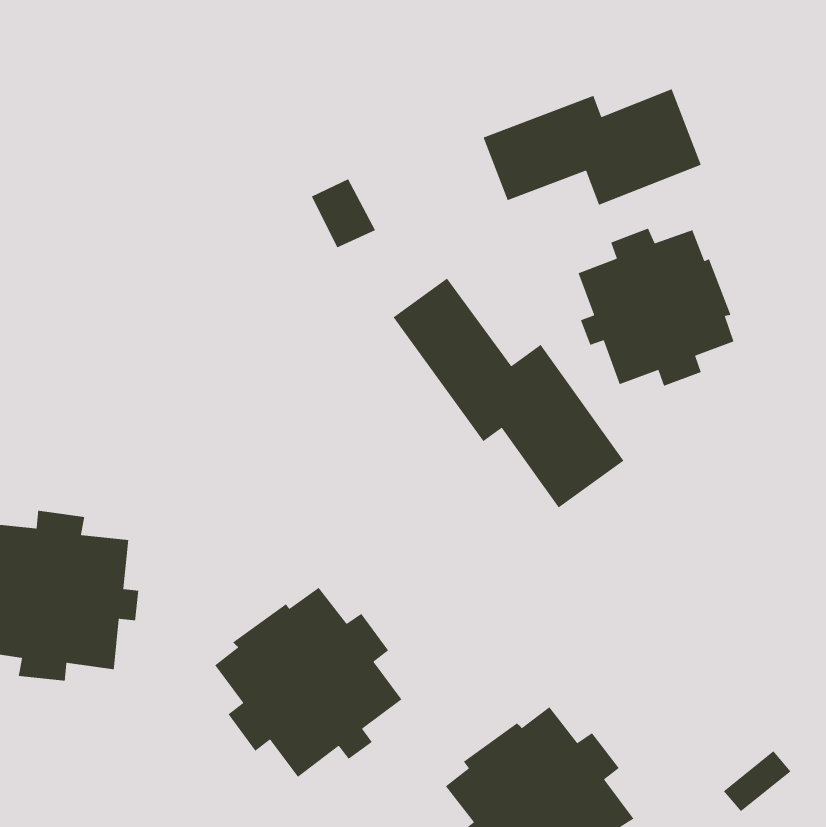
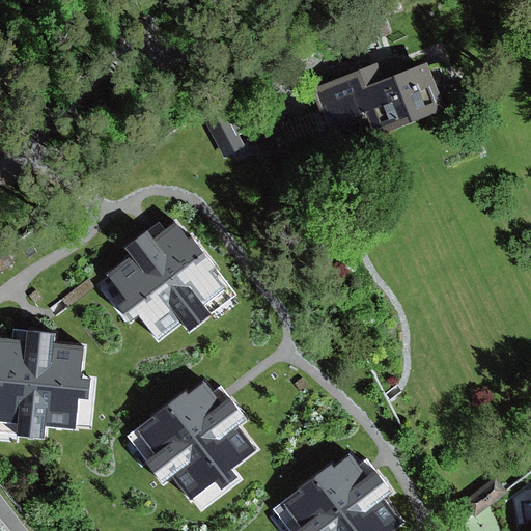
building: [578,228,734,387] -> none
building: [392,278,624,509] -> none
building: none -> [105,223,225,342]

